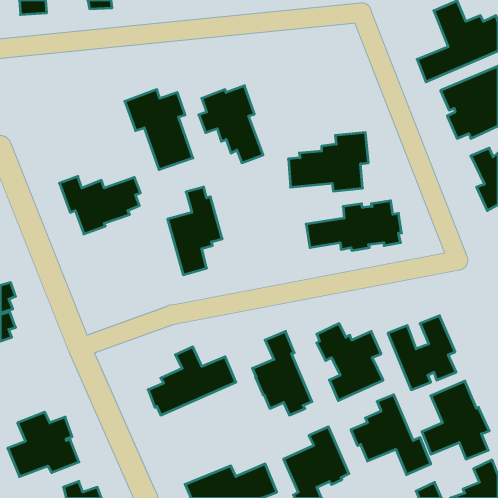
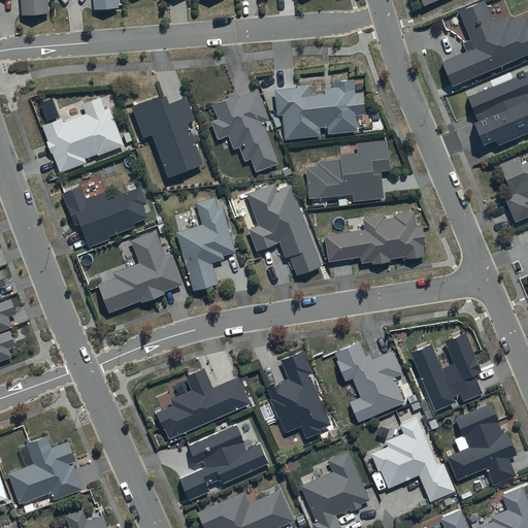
building: none -> [274,79,365,139]
building: none -> [42,98,126,173]
building: none -> [246,184,321,275]
building: none -> [98,231,184,314]
building: none -> [180,425,269,501]

